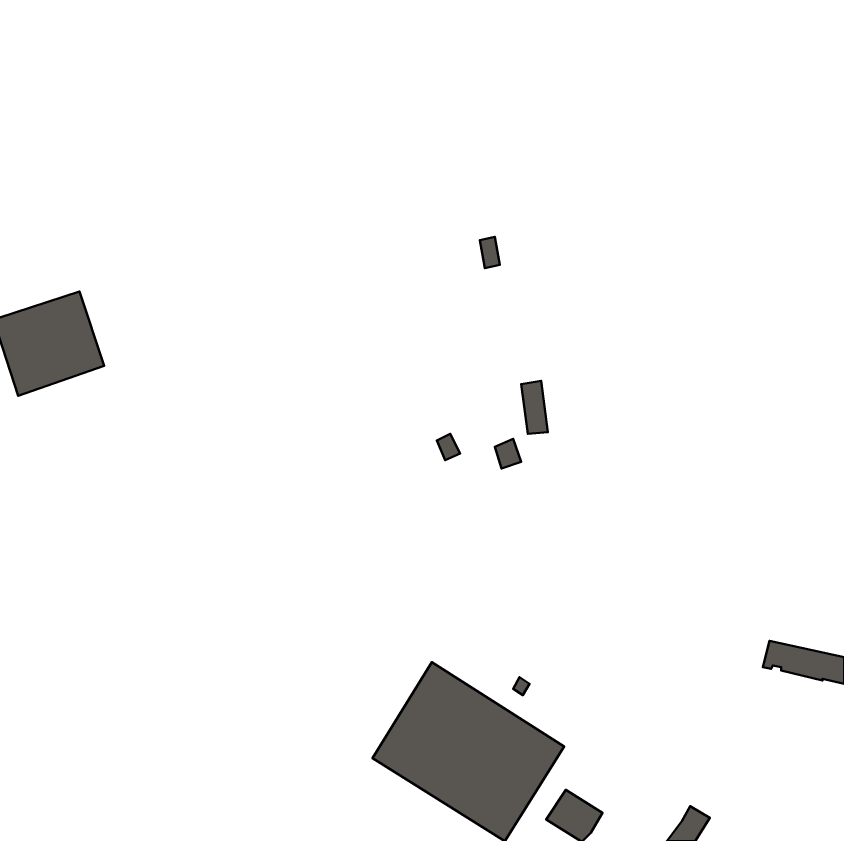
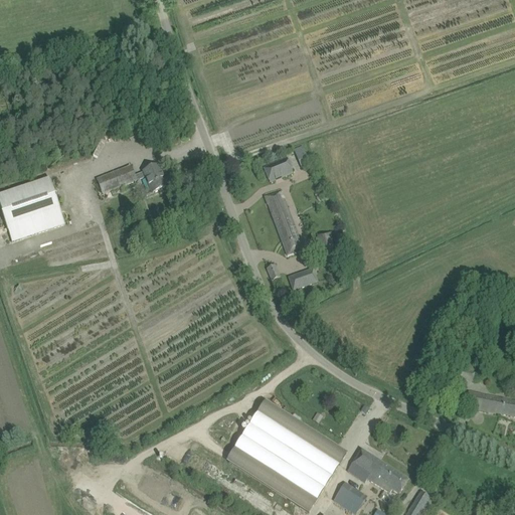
building: none -> [263,156,292,180]
building: none -> [95,164,166,193]
building: none -> [264,188,302,253]
building: none -> [346,448,407,492]

